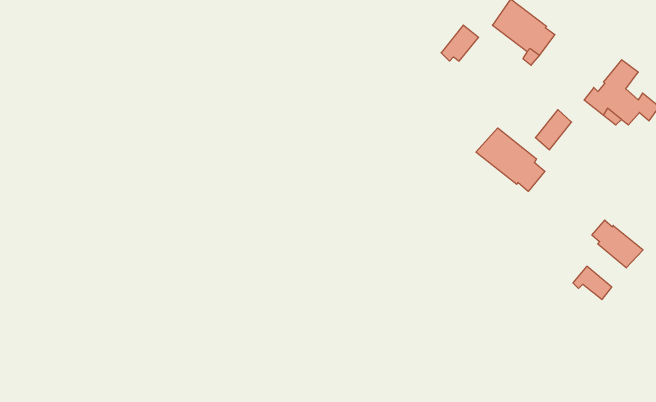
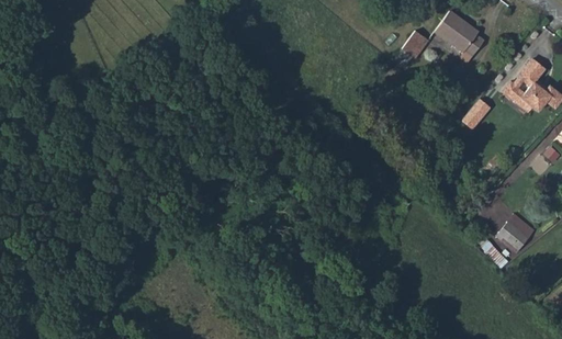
building: [476,128,545,191] -> none
building: [592,220,643,268] -> none

